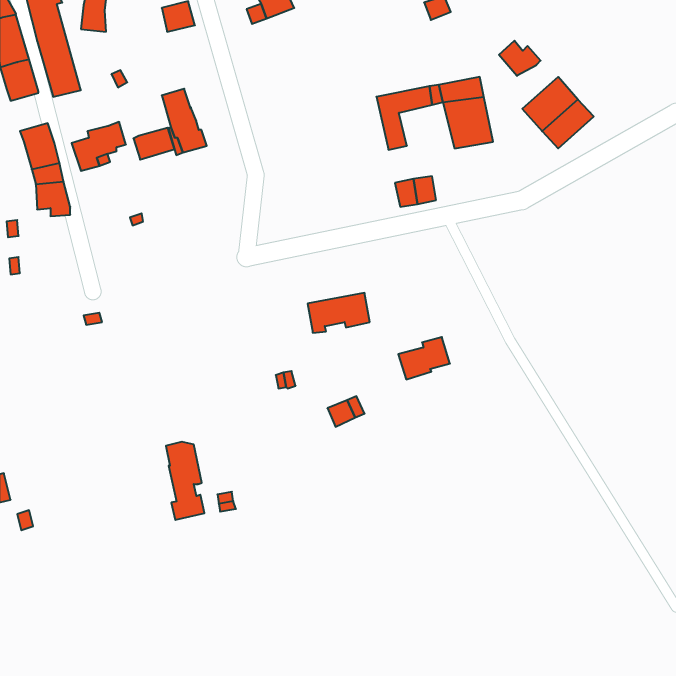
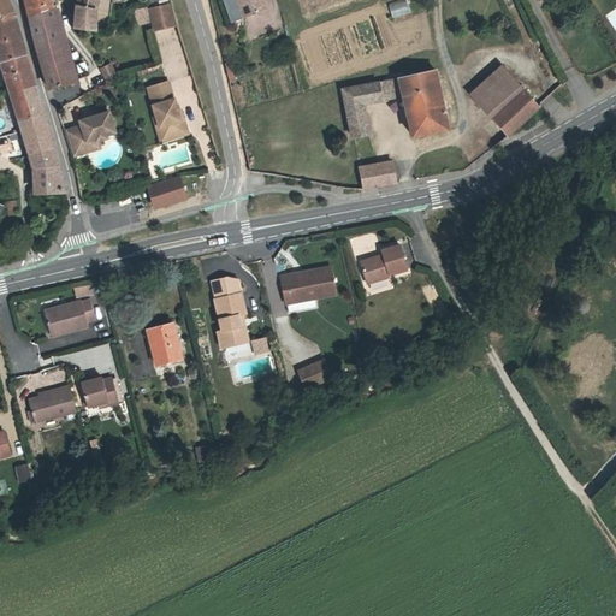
building: [499,41,541,76] -> none
building: none -> [10,84,43,119]
building: [133,128,174,160] -> [148,177,185,206]
building: none -> [43,298,95,332]
building: [398,337,450,379] -> [360,244,407,283]
building: none -> [148,322,180,363]
building: none -> [81,377,118,405]
building: none -> [28,385,76,421]
building: [166,442,204,520] -> [212,276,247,346]

